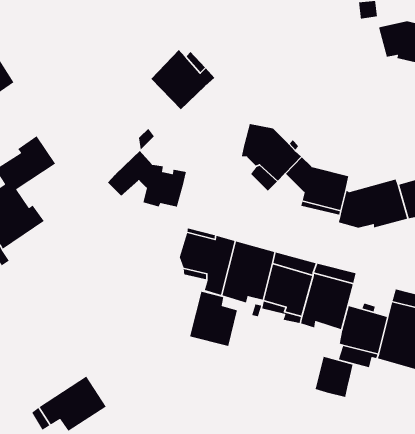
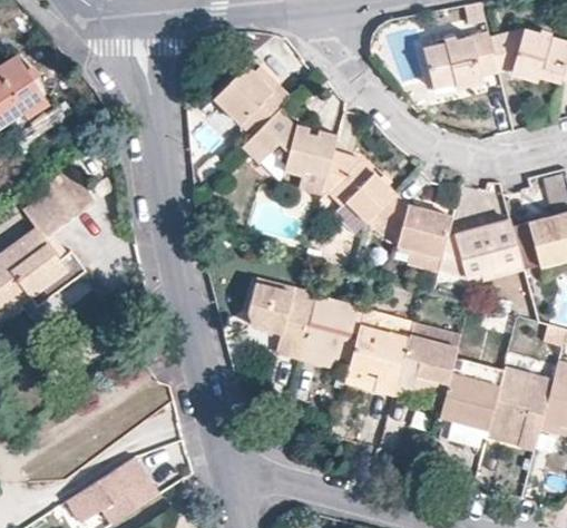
building: none -> [421,32,496,89]
building: [107,150,187,208] -> [239,108,335,177]
building: [189,291,238,347] -> none
building: [315,356,354,398] -> none

